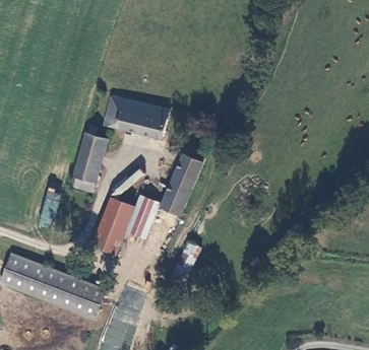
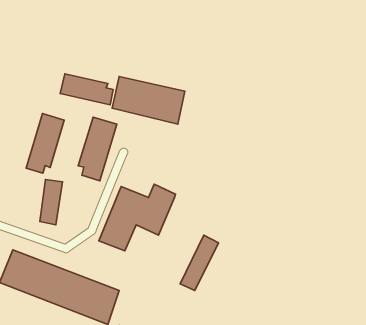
building: none -> [60,74,113,105]
building: none -> [26,114,64,173]
building: [159,147,203,214] -> none

